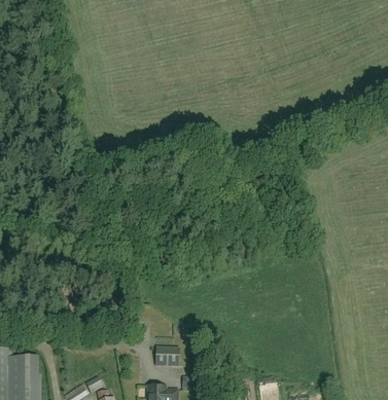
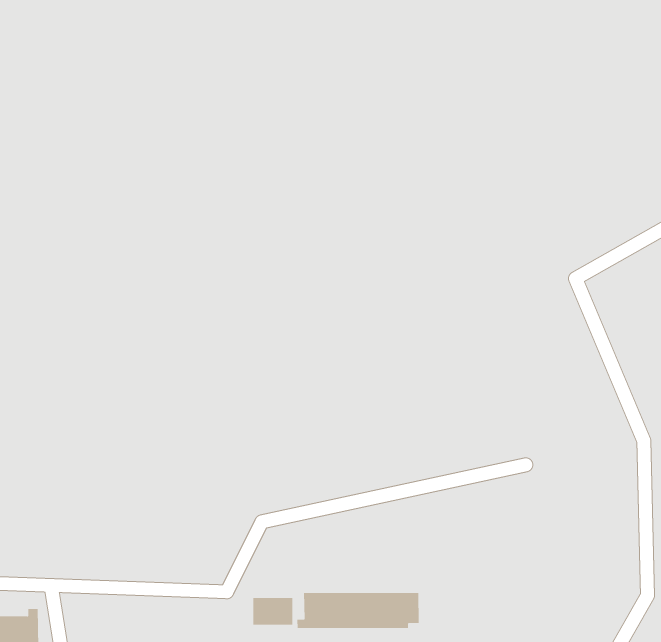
building: none -> [297,592,419,629]

